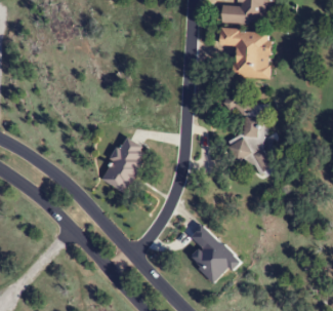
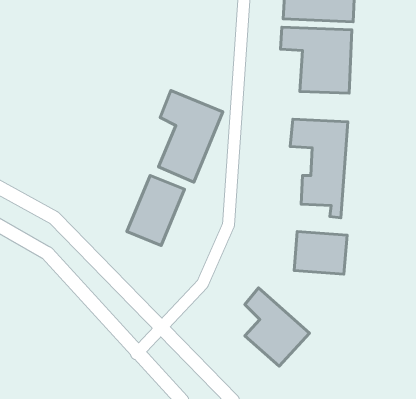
building: none -> [159,90,223,182]
building: none -> [294,232,347,274]

